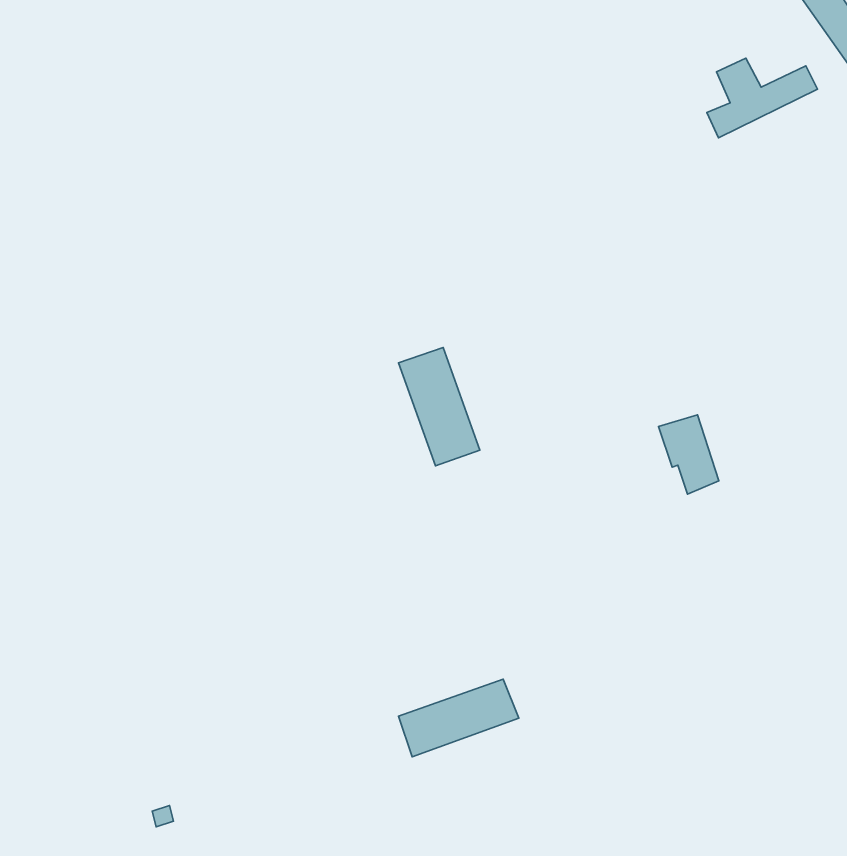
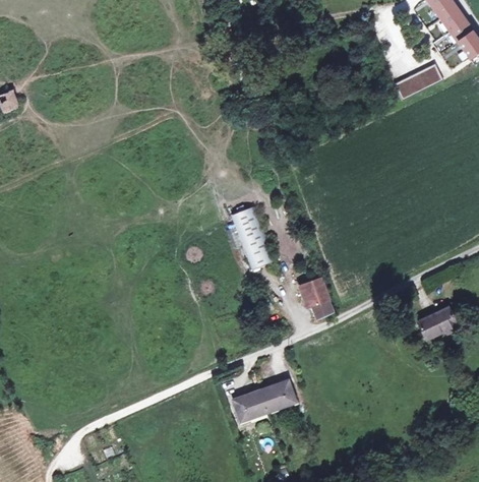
building: [659,415,719,494] -> [301,278,333,319]
building: none -> [419,308,458,339]

